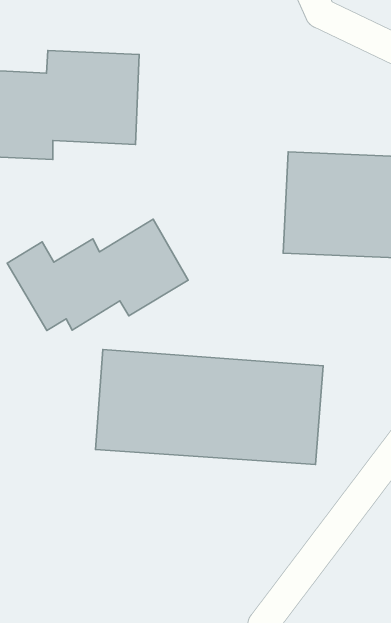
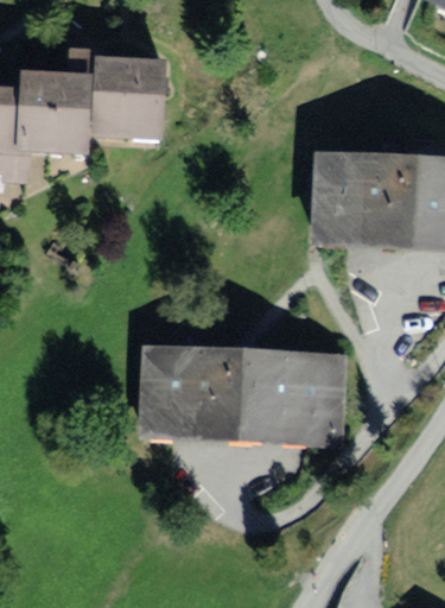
building: [7,219,188,331] -> none

